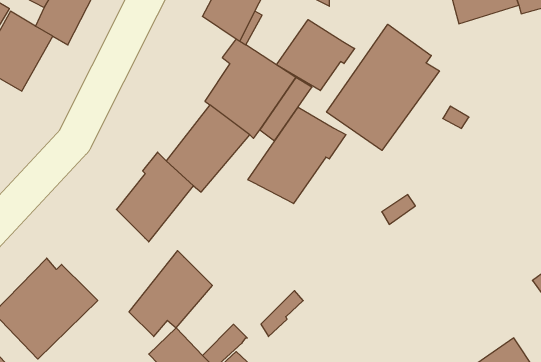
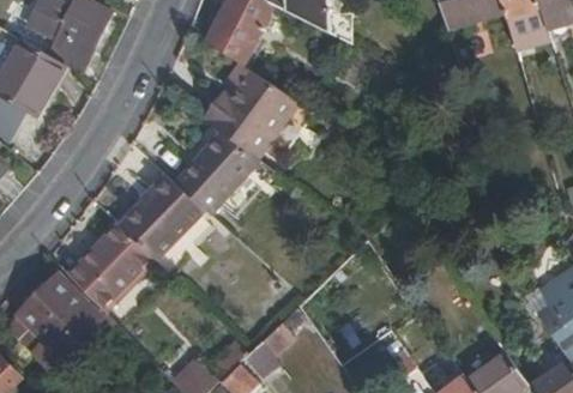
building: [277,20,355,91] -> none
building: [327,24,439,150] -> none
building: [248,107,346,204] -> none
building: [129,251,212,337] -> [71,223,151,306]

